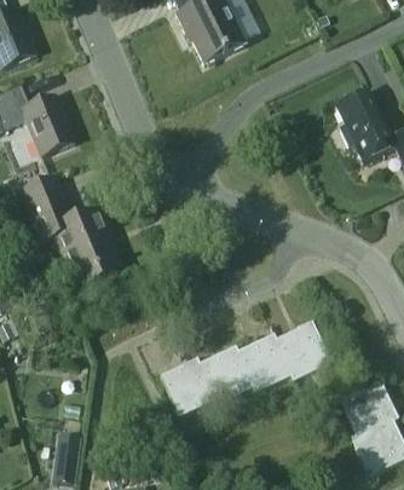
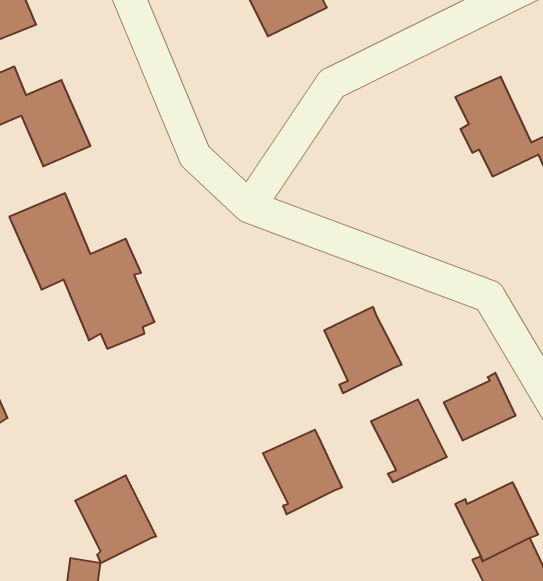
building: none -> [444,373,515,441]
building: [238,332,294,393] -> [324,307,402,393]
building: [158,353,217,416] -> [75,475,156,563]

